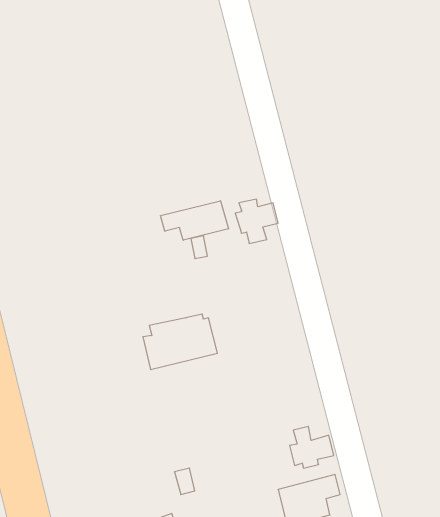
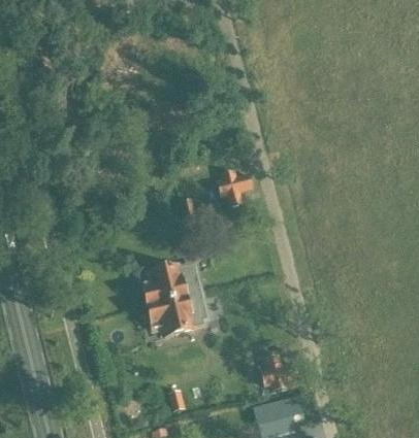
building: [161,201,228,240] -> none
building: none -> [148,296,207,337]

